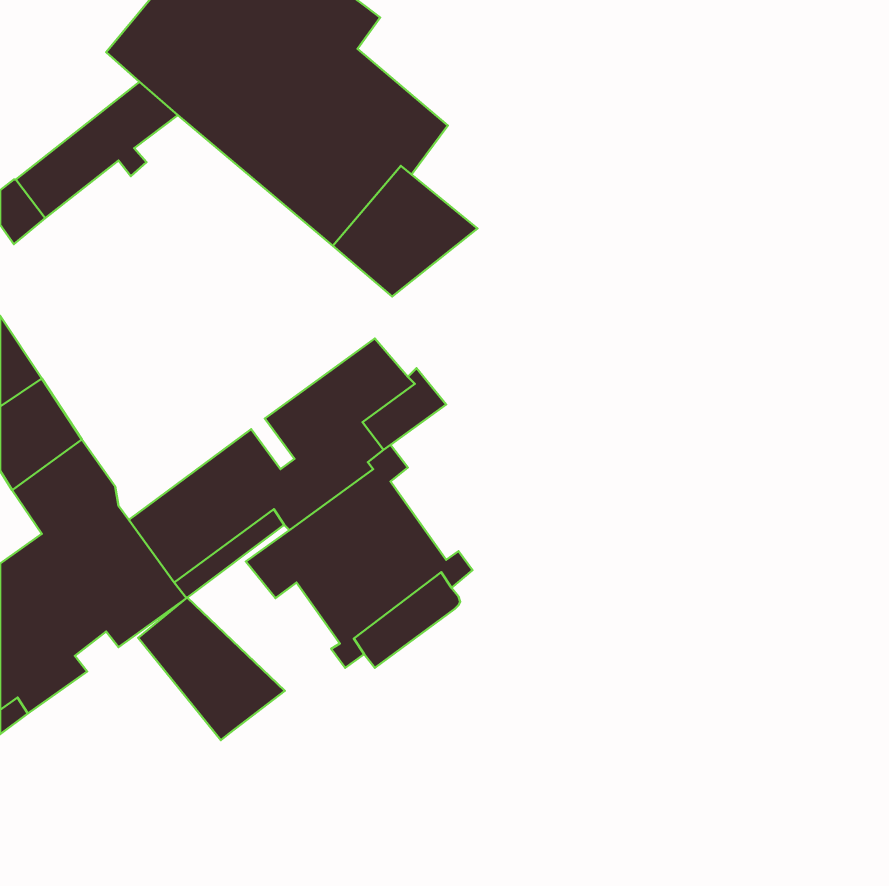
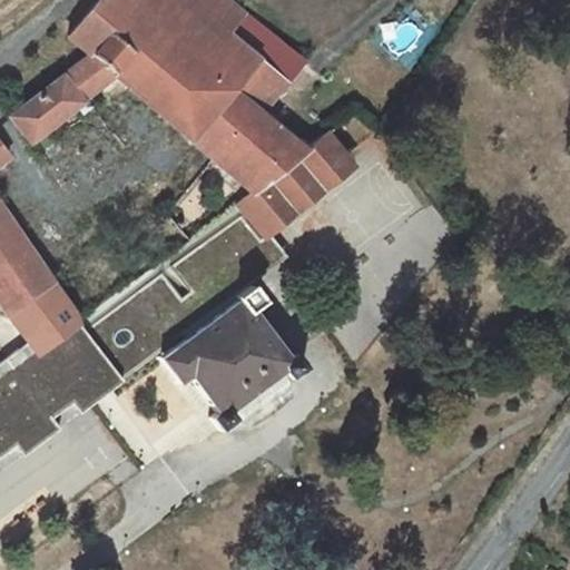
building: none -> [229,11,304,80]
building: none -> [237,132,348,230]
building: [138,598,285,740] -> none

